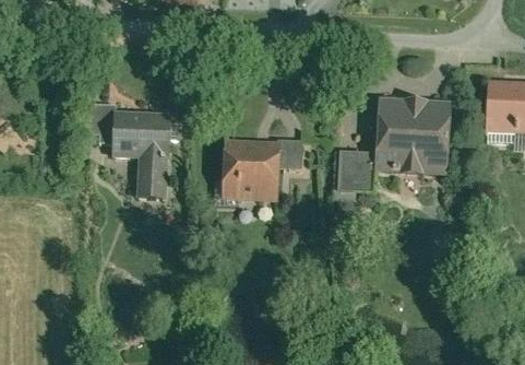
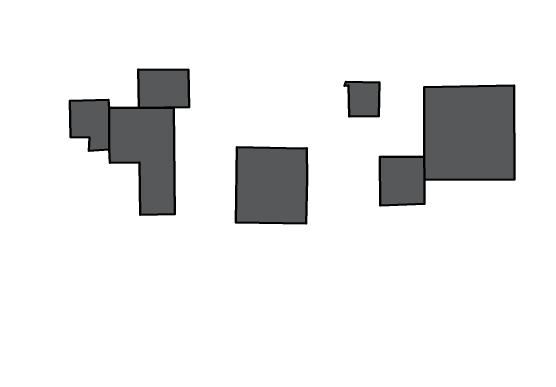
building: none -> [138,70,189,108]
building: [276,139,305,168] -> [345,82,379,117]

